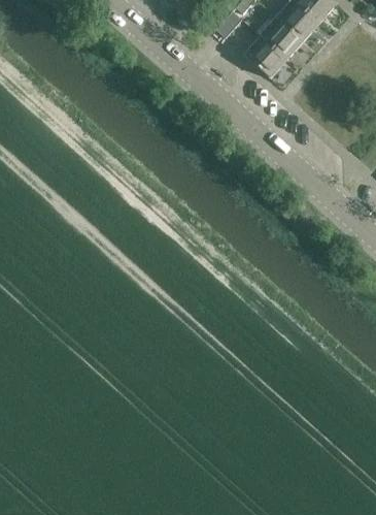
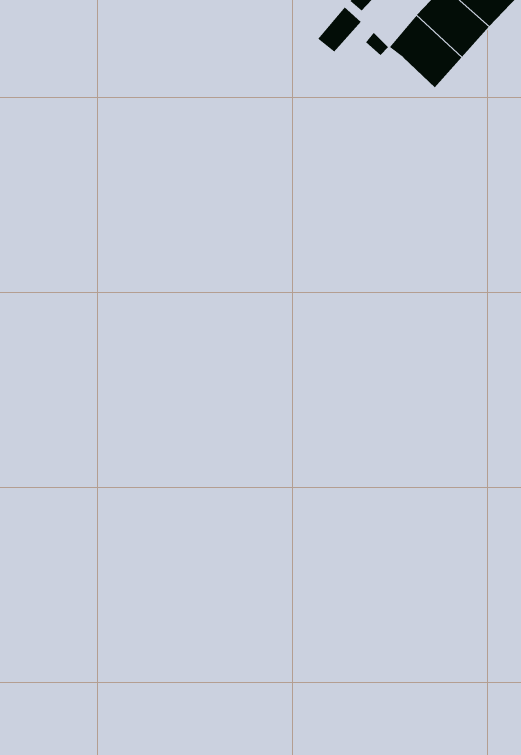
building: [249,40,286,77] -> none

